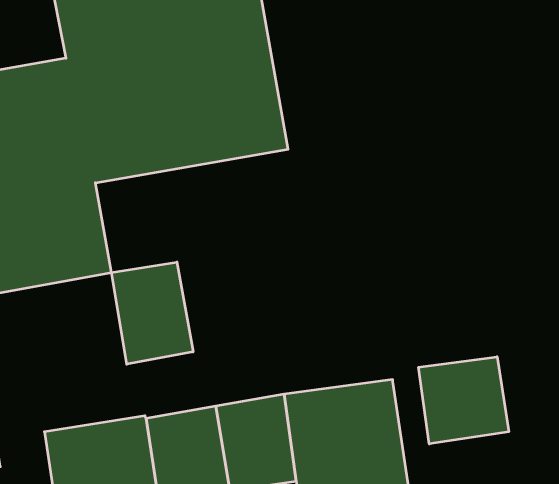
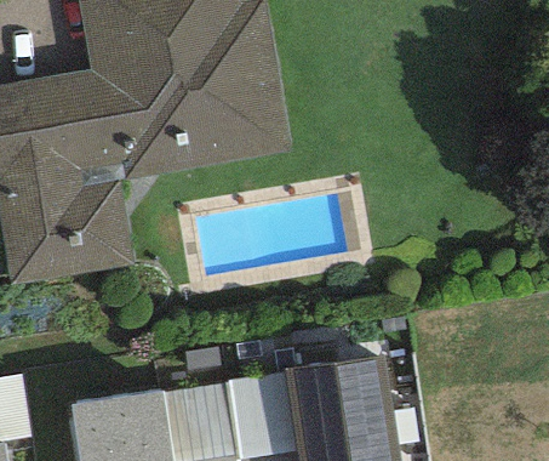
building: [111,262,193,364] -> none
building: [419,357,509,444] -> none

